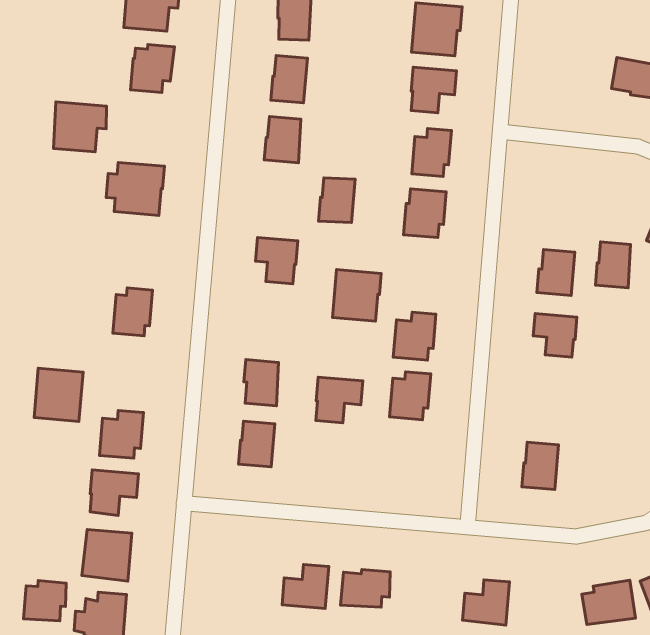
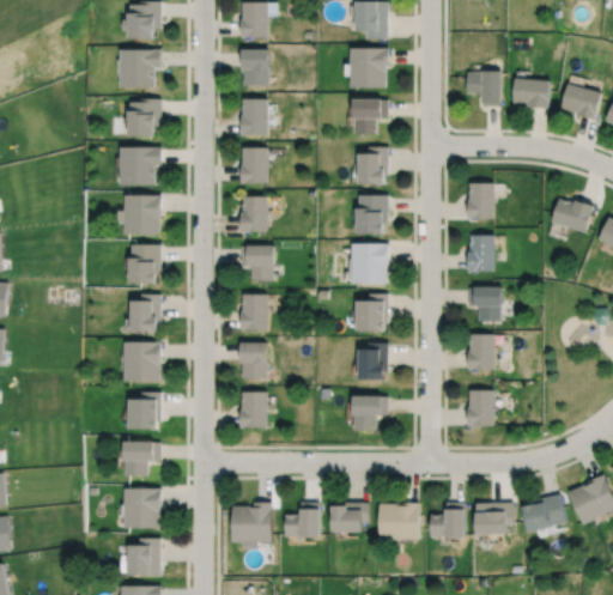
building: none -> [467,71,502,105]
building: [54,102,107,152] -> [120,147,162,184]
building: [319,178,355,222] -> [241,196,267,232]
building: none -> [131,244,162,284]
building: [595,242,630,288] -> [468,184,494,219]
building: [332,270,381,321] -> [352,244,388,283]
building: none -> [241,295,267,329]
building: [34,368,83,421] -> [125,342,160,382]
building: none -> [467,335,494,370]
building: [316,377,363,423] -> [353,396,389,431]
building: none -> [232,503,272,542]
building: none -> [380,503,419,540]
building: [23,580,66,621] -> none
building: none -> [475,503,512,534]

